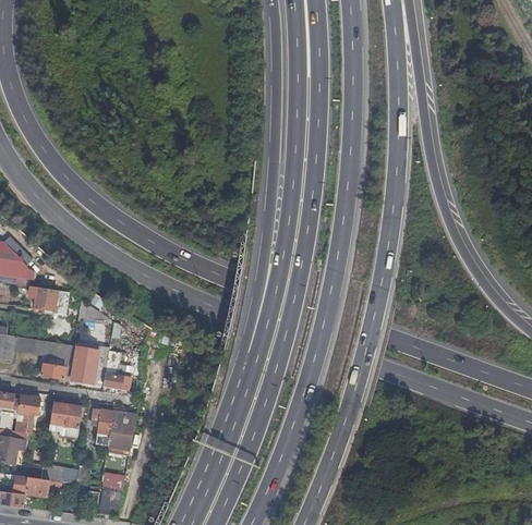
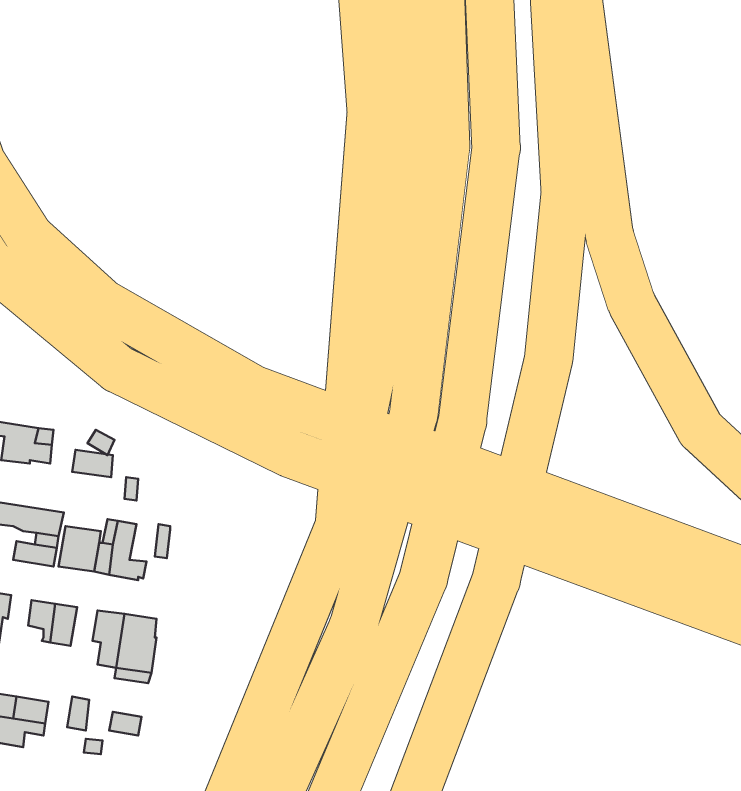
building: [98,486,121,513] -> none

